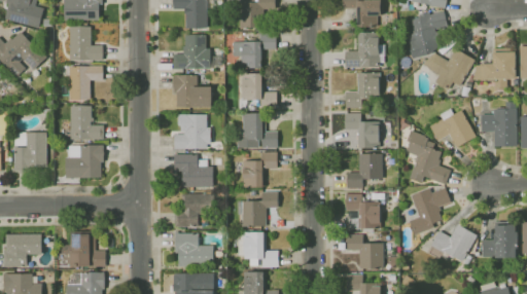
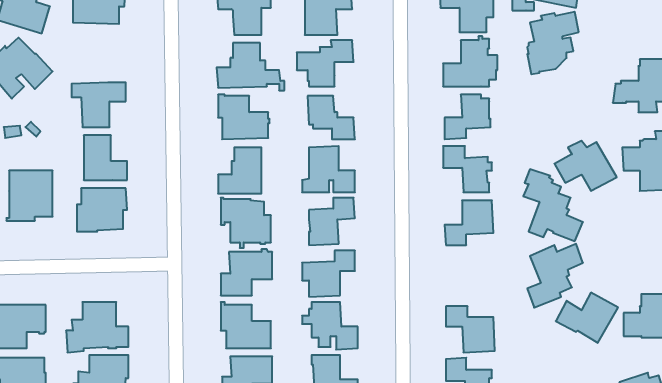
building: [69,23,102,60] -> none
building: [420,48,475,90] -> none
building: [345,193,380,232] -> none

